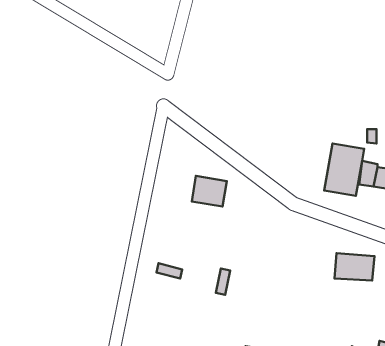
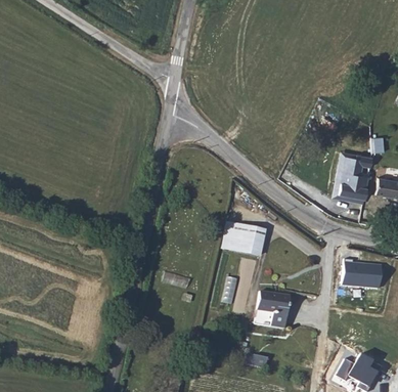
building: [192,176,227,207] -> [231,223,266,254]
building: none -> [258,289,294,325]

